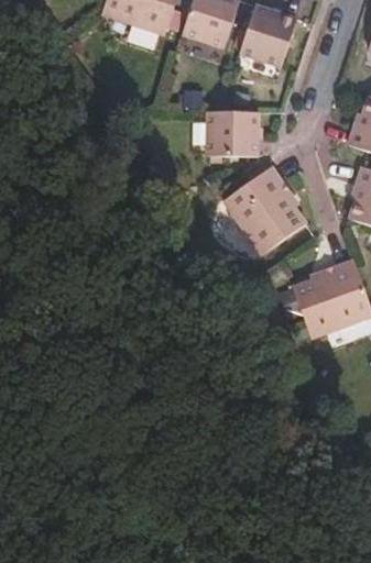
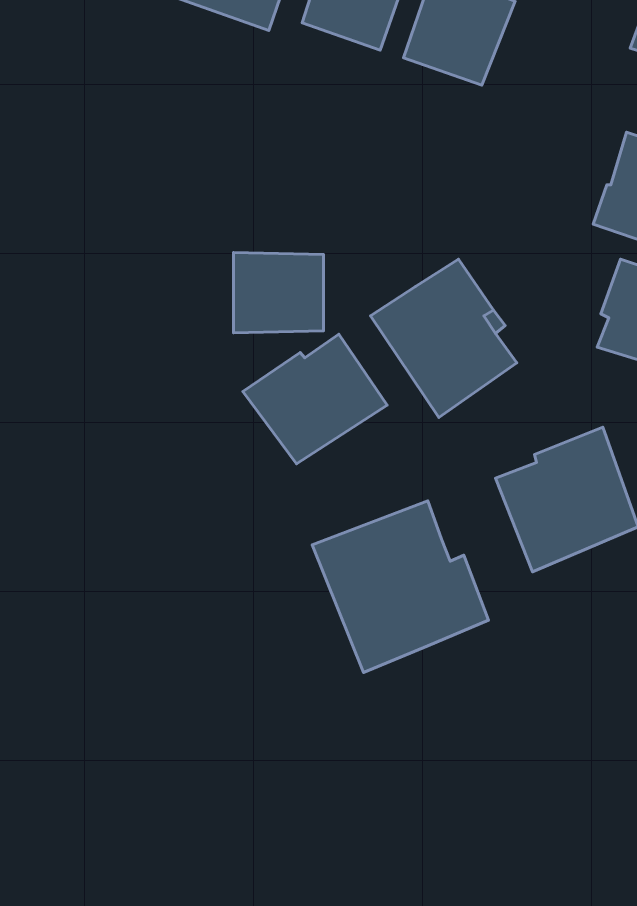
building: [209,110,260,155] -> [233,253,323,333]
building: none -> [243,334,387,464]
building: none -> [312,501,489,673]

